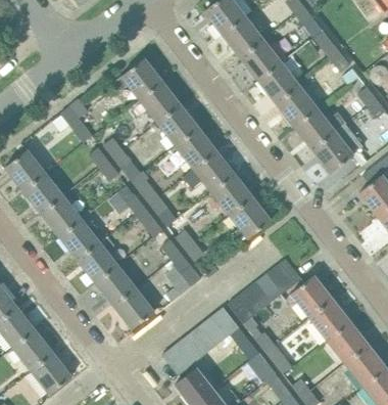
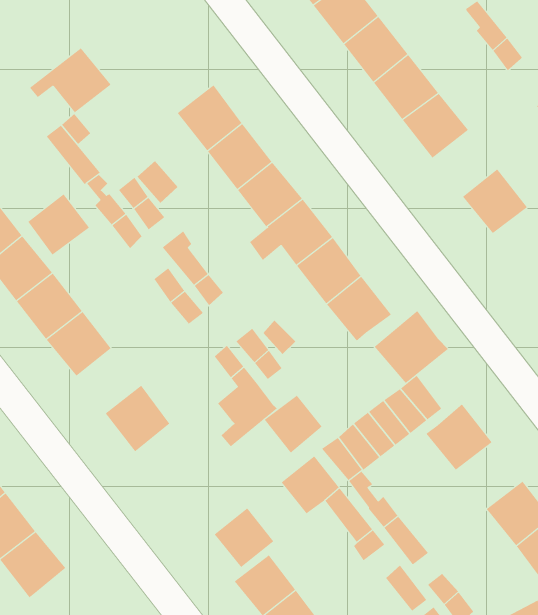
building: [111,58,161,98] -> [29,48,111,113]
building: [294,108,344,149] -> none
building: none -> [28,193,90,256]
building: none -> [374,310,449,384]
building: [78,236,117,281] -> none
building: [113,287,154,329] -> none
building: [308,299,349,340] -> none
building: [182,323,217,359] -> [264,395,322,453]

